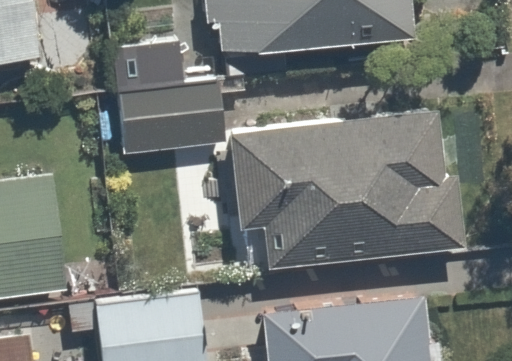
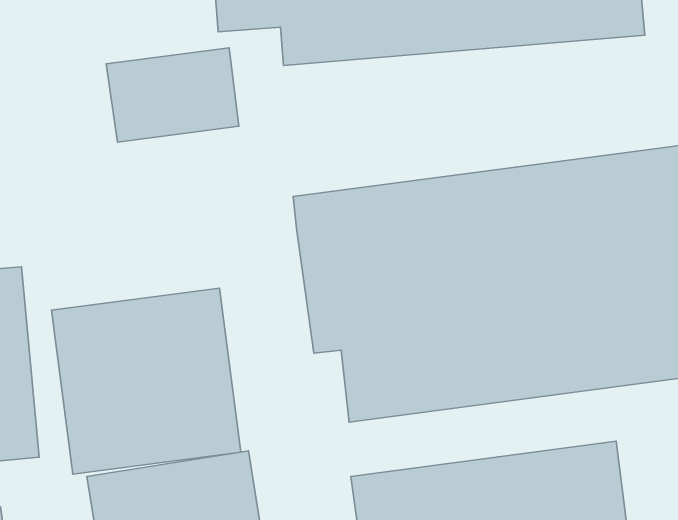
building: [109,86,225,167] -> none
building: none -> [52,288,241,474]

